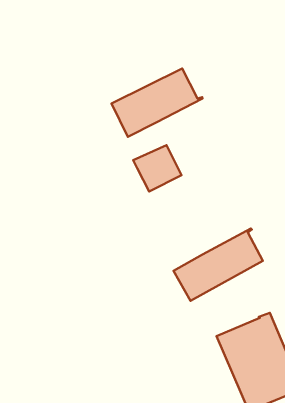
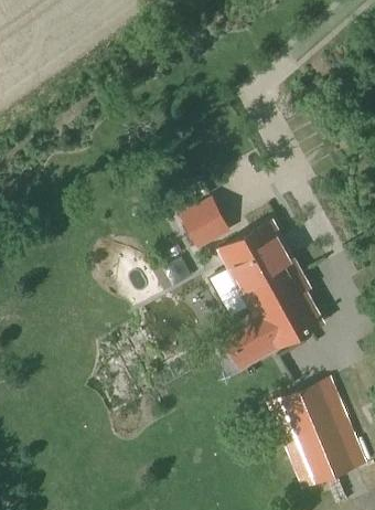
building: [112,68,203,137] -> none
building: none -> [212,221,310,316]

